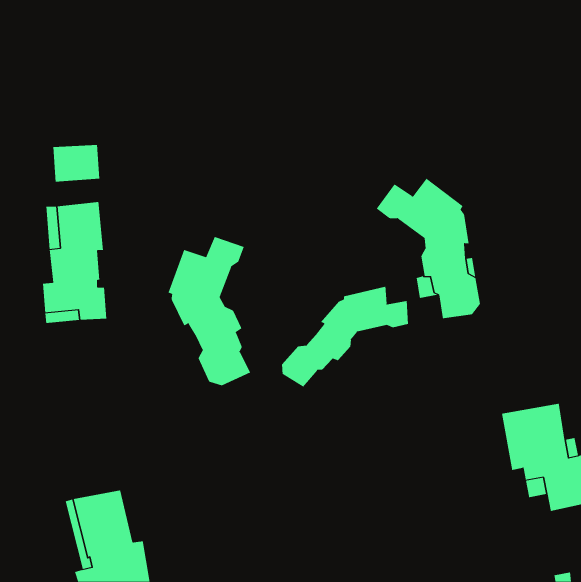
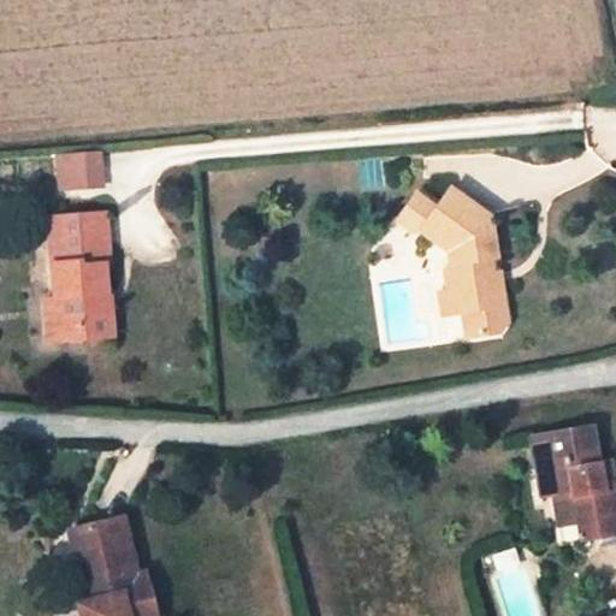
building: [168,236,251,386] -> none
building: [281,286,408,387] -> none

